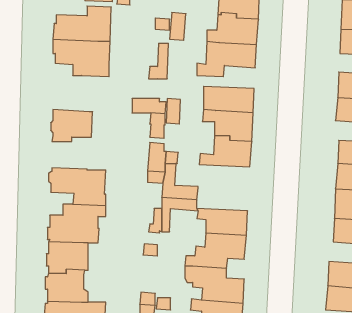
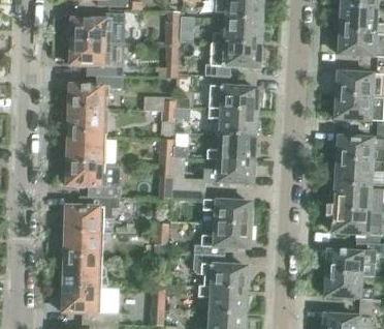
building: none -> [68,74,123,109]
building: none -> [66,132,105,163]
building: none -> [205,158,254,183]

